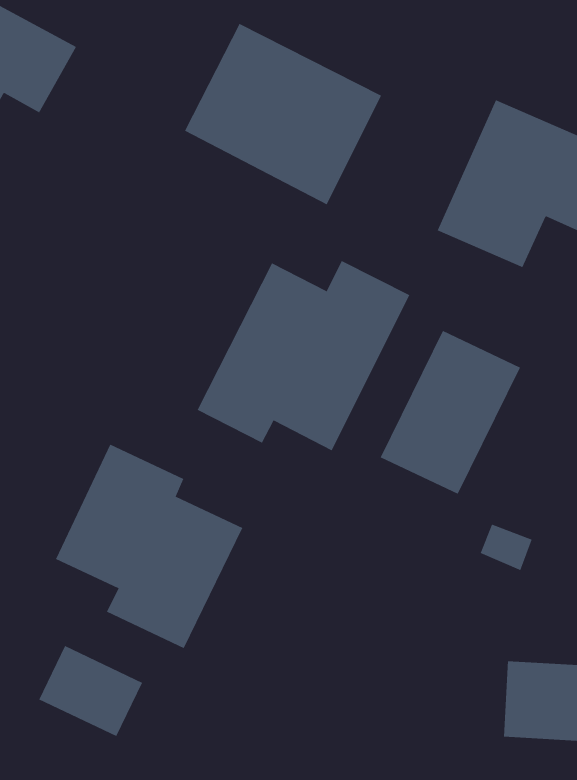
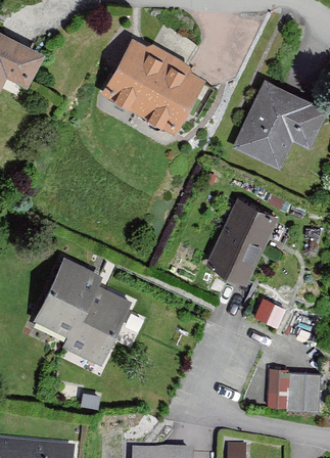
building: [197,260,410,451] -> none
building: [39,645,143,737] -> none

